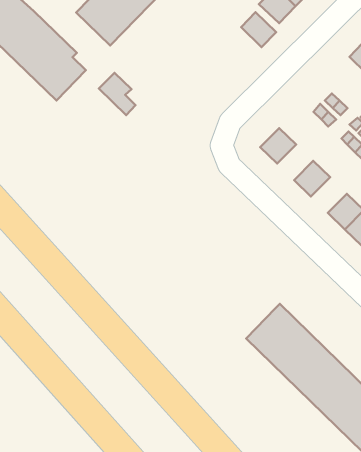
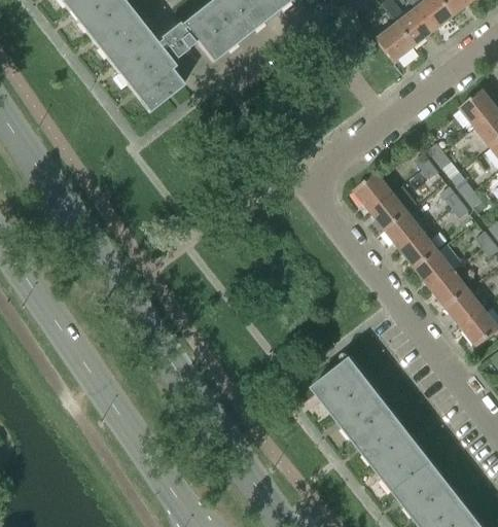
building: [241,12,276,47] -> none
building: [99,73,136,115] -> [159,25,195,71]
building: none -> [369,192,407,230]
building: none -> [400,232,438,269]

